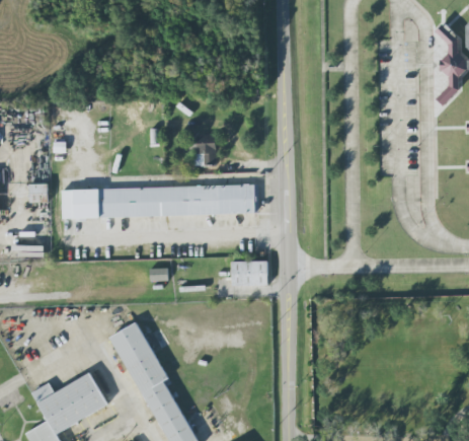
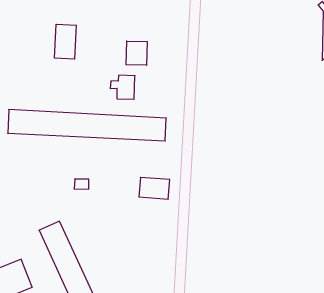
building: none -> [55,24,76,59]
building: none -> [126,41,147,65]

